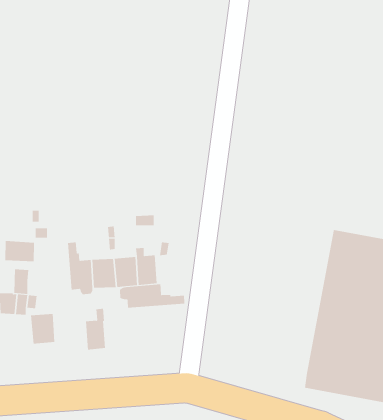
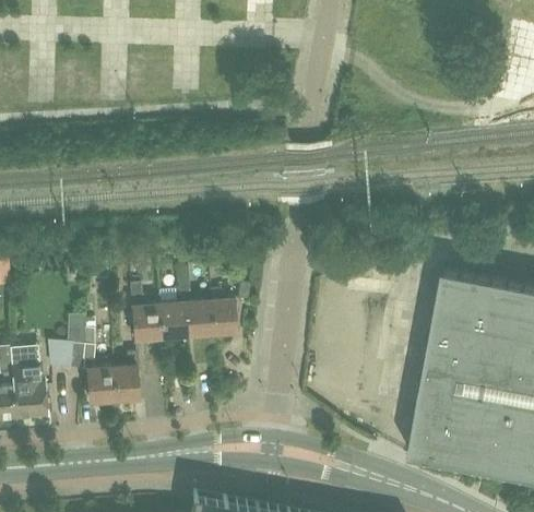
building: [5,240,34,262] -> none
building: [120,284,185,308] -> none
building: [85,308,106,350] -> [115,354,139,403]

